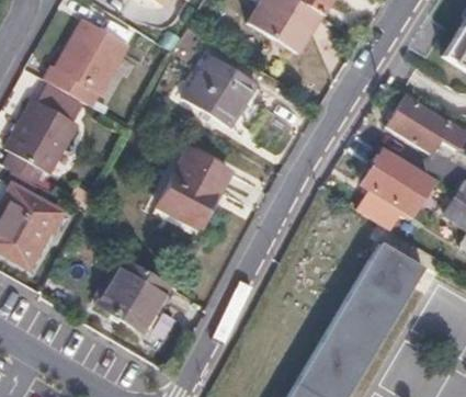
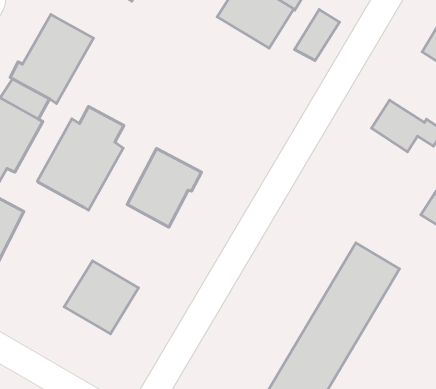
building: none -> [294,10,340,61]
building: [184,56,257,127] -> none
building: none -> [37,107,124,210]
building: [365,150,433,226] -> none

